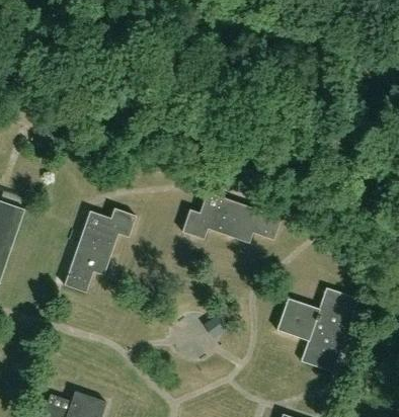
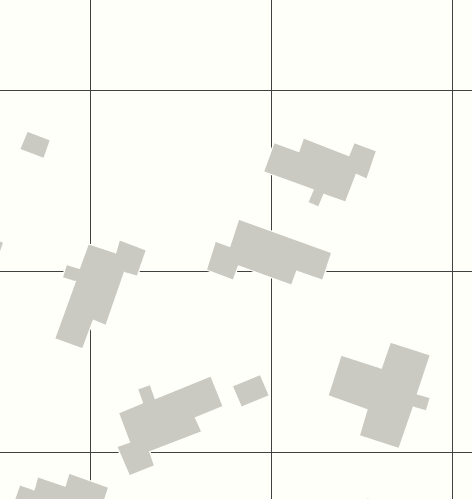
building: none -> [264,138,377,207]
building: none -> [117,376,223,476]

